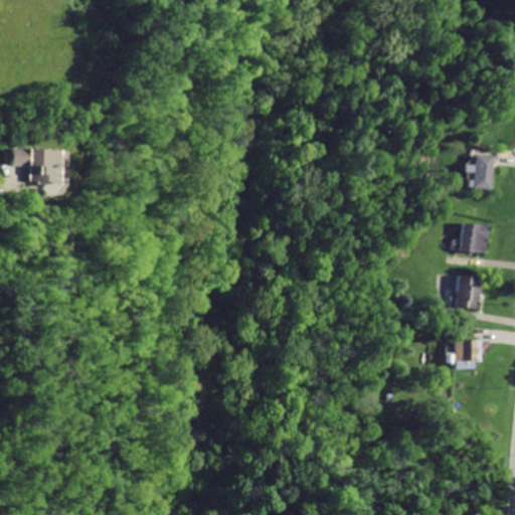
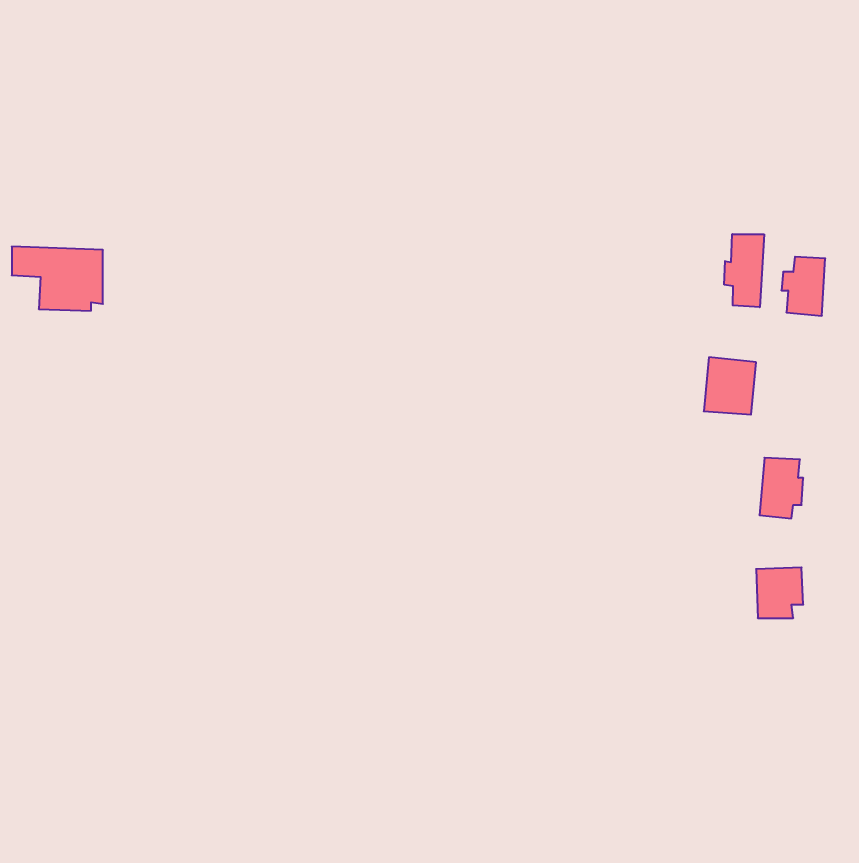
building: none -> [724,234,764,307]
building: [459,220,490,254] -> [704,357,756,415]

